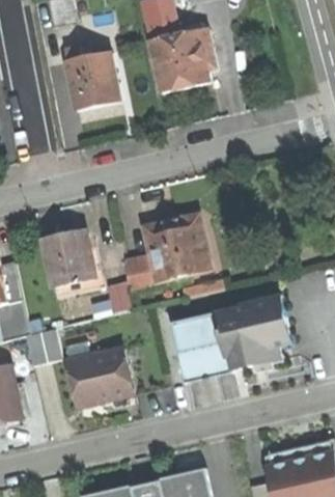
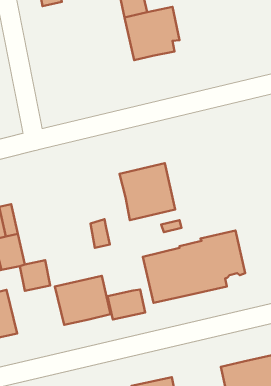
building: [63,47,118,110] -> none
building: [40,229,102,296] -> none
building: [121,254,156,291] -> none
building: none -> [108,289,145,320]

